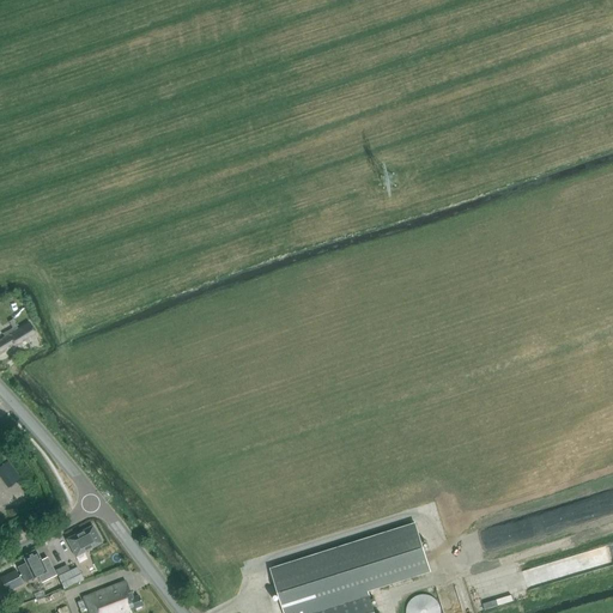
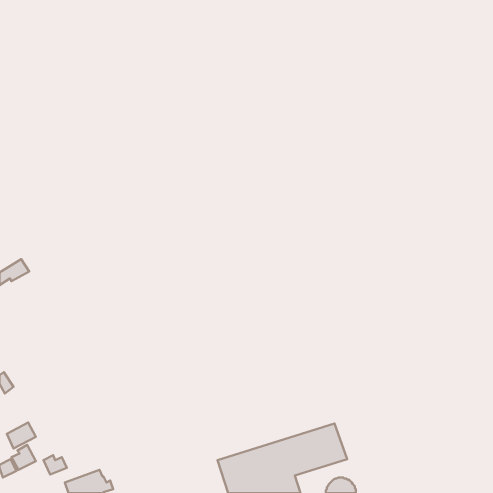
building: [65,524,101,557] -> [7,422,36,448]

